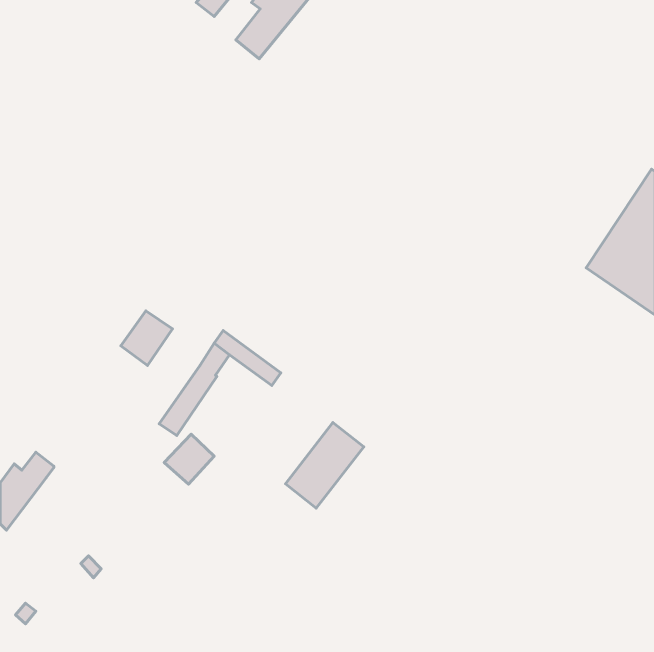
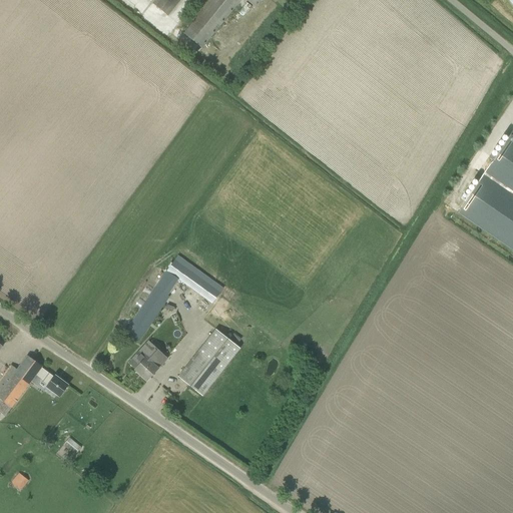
building: [121,311,172,366] -> none
building: [285,422,364,508] -> [179,327,240,394]
building: none -> [37,366,69,395]

